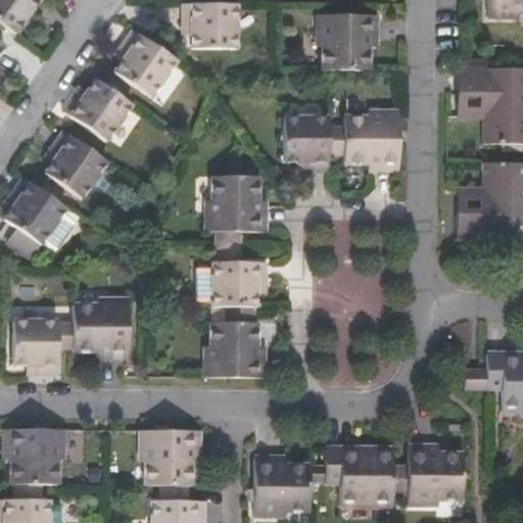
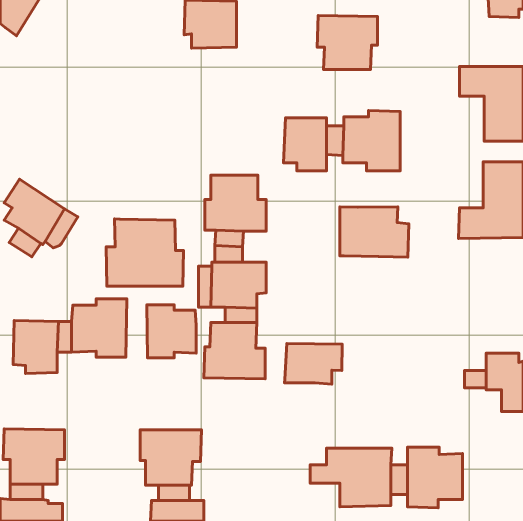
building: [115,30,177,96] -> none
building: [63,78,134,140] -> none
building: [44,131,106,198] -> none
building: none -> [340,207,409,257]
building: none -> [106,219,184,286]
building: none -> [147,305,196,358]
building: none -> [285,343,342,384]
building: [253,457,310,516] -> none

